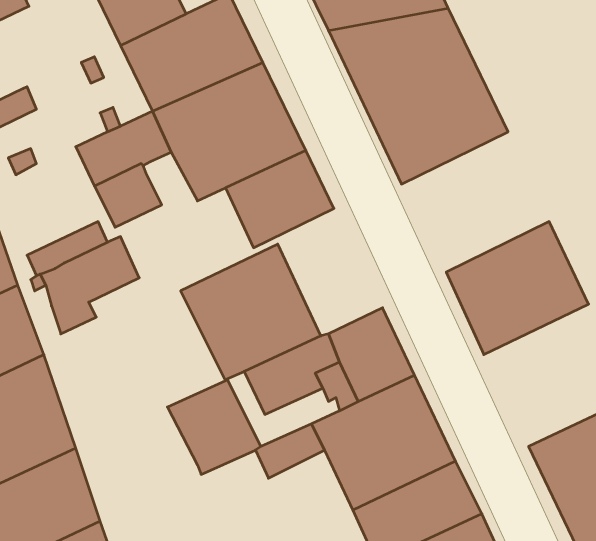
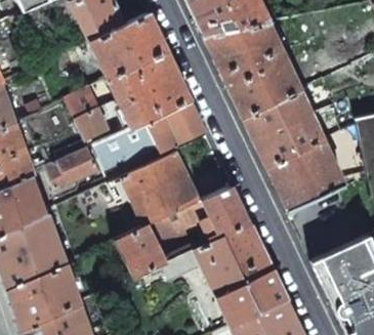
building: none -> [243,89,324,166]
building: none -> [92,120,162,177]

